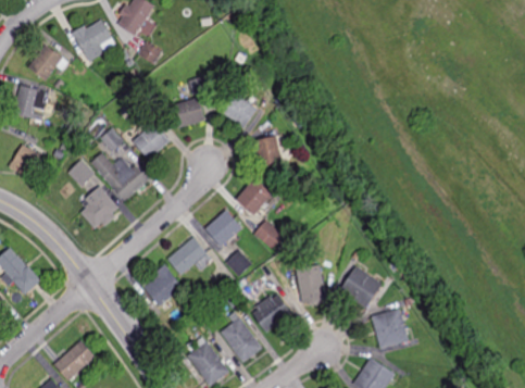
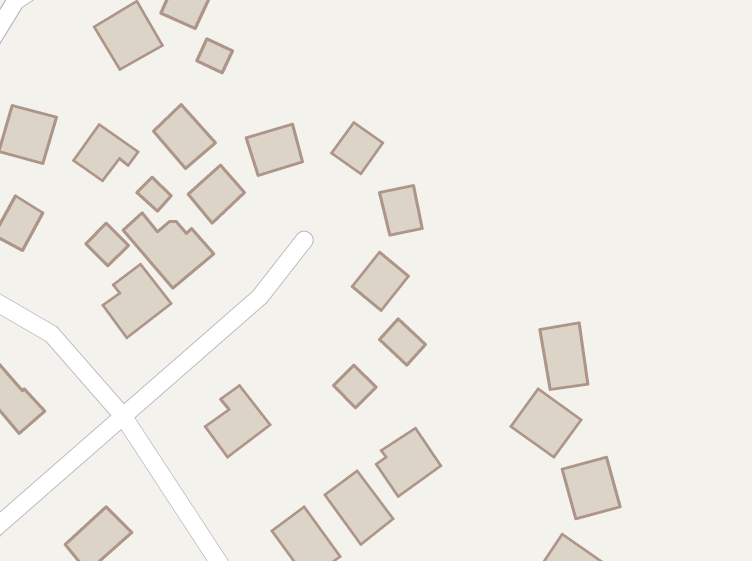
building: [27,45,68,80] -> [73,124,138,181]
building: none -> [153,104,216,168]
building: [204,210,242,247] -> none
building: [165,237,213,276] -> none
building: [296,263,326,305] -> [540,323,588,389]

